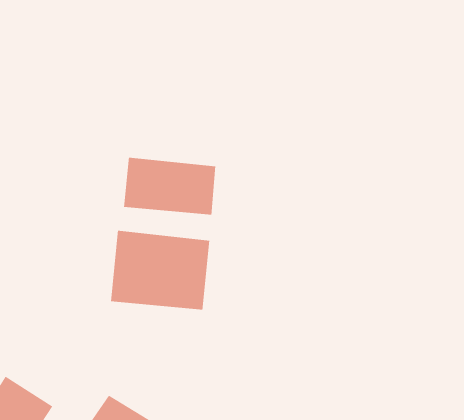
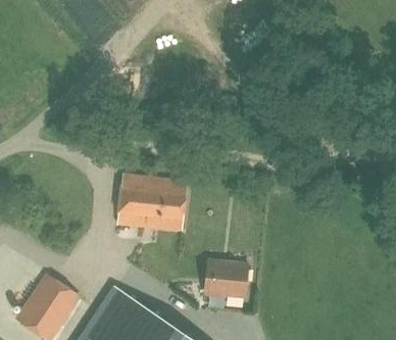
building: [123,157,216,216] -> none
building: none -> [204,260,248,296]

